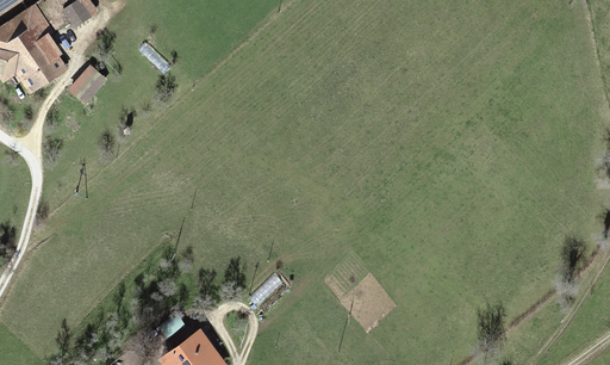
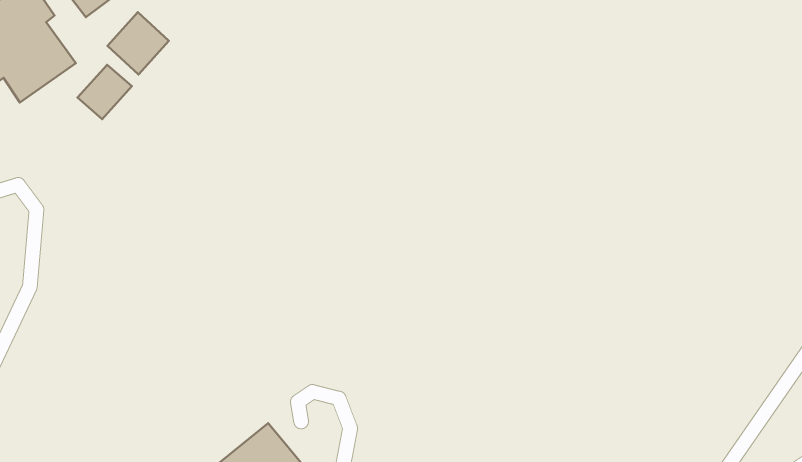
building: none -> [108,12,169,75]

